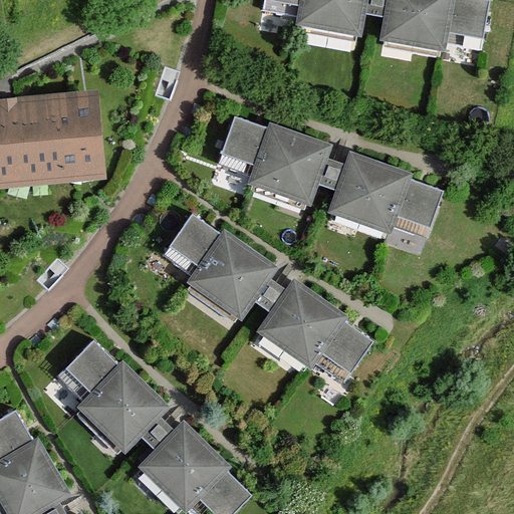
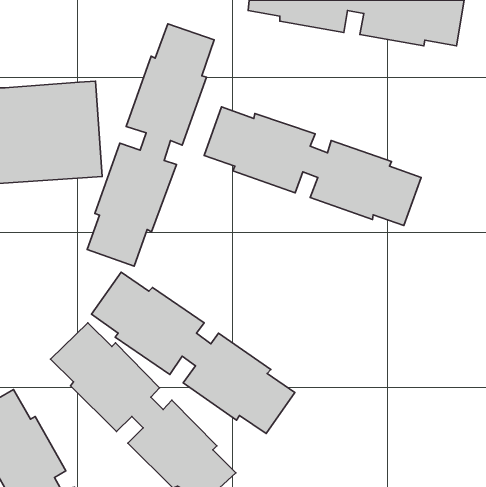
building: none -> [87,24,214,266]
building: [159,214,372,383] -> [91,272,295,434]

